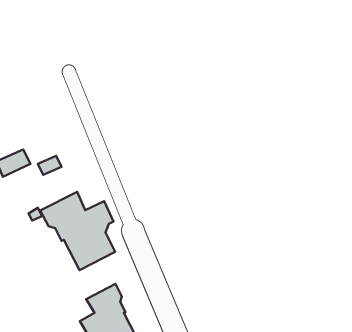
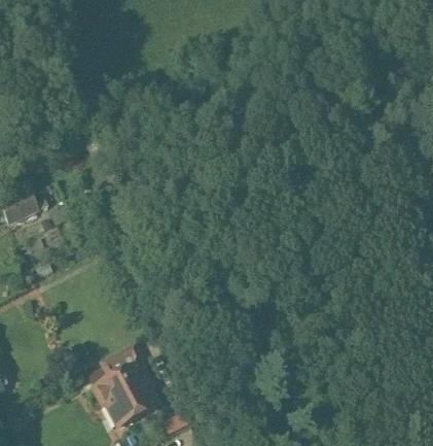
building: [40,192,115,270] -> none

